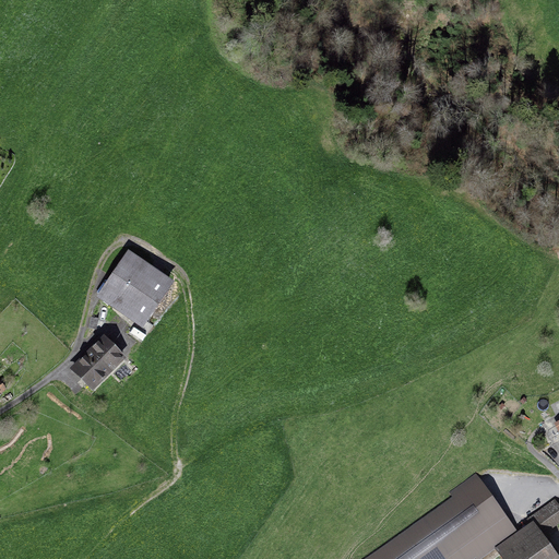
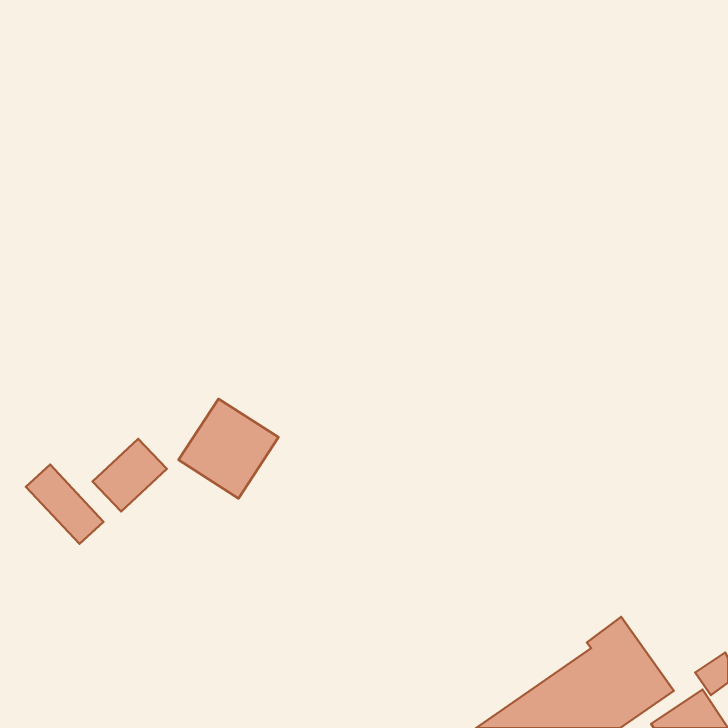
building: [98,251,175,328] -> [179,399,278,498]
building: none -> [26,465,104,544]

